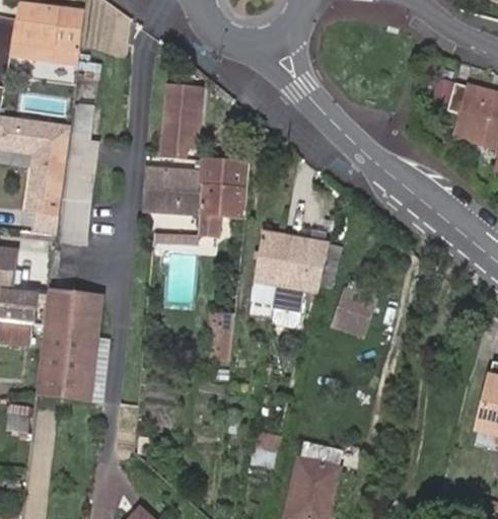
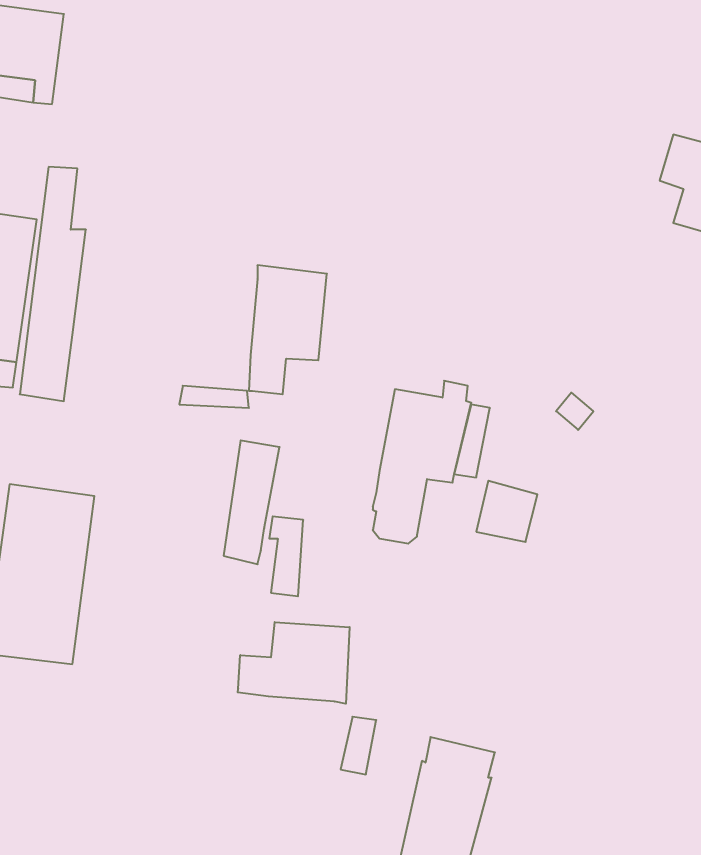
building: [161,85,201,158] -> none
building: [140,162,201,214] -> none
building: [250,230,283,304] -> [224,440,280,564]
building: none -> [238,622,350,704]

